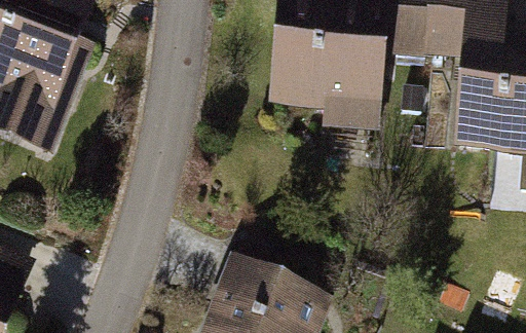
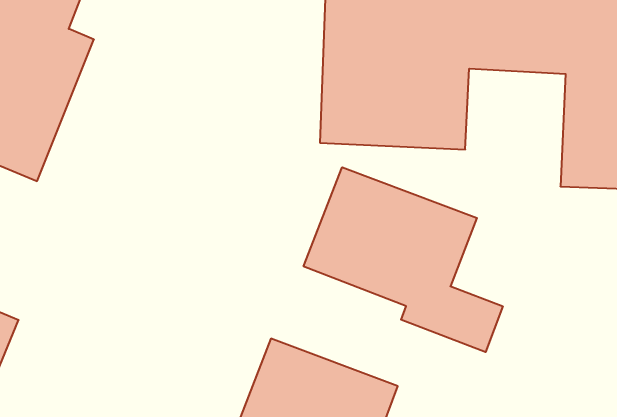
building: none -> [304,167,503,352]

